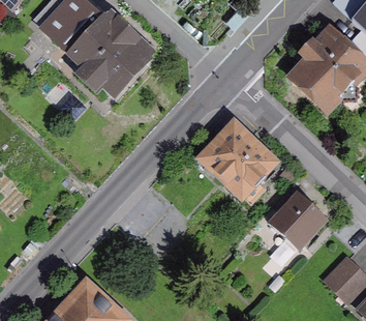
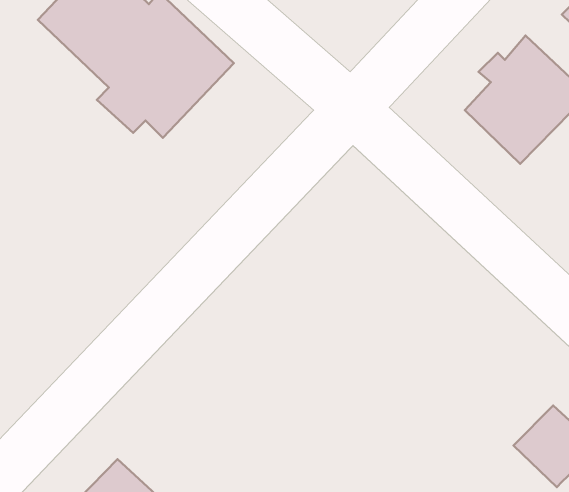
building: [195,116,280,207] -> none
building: [268,191,329,251] -> none

